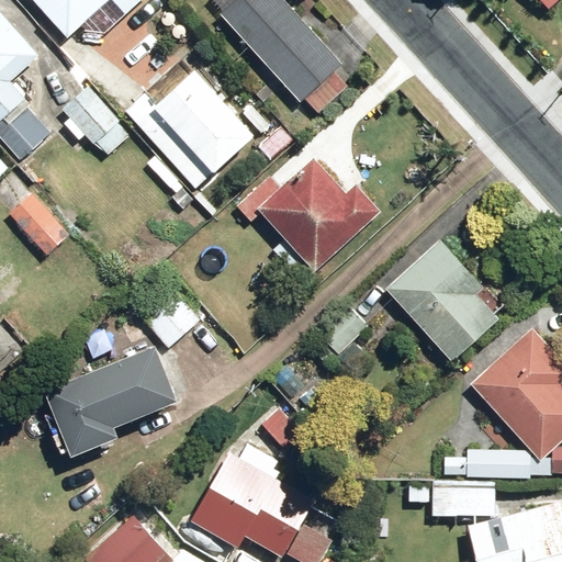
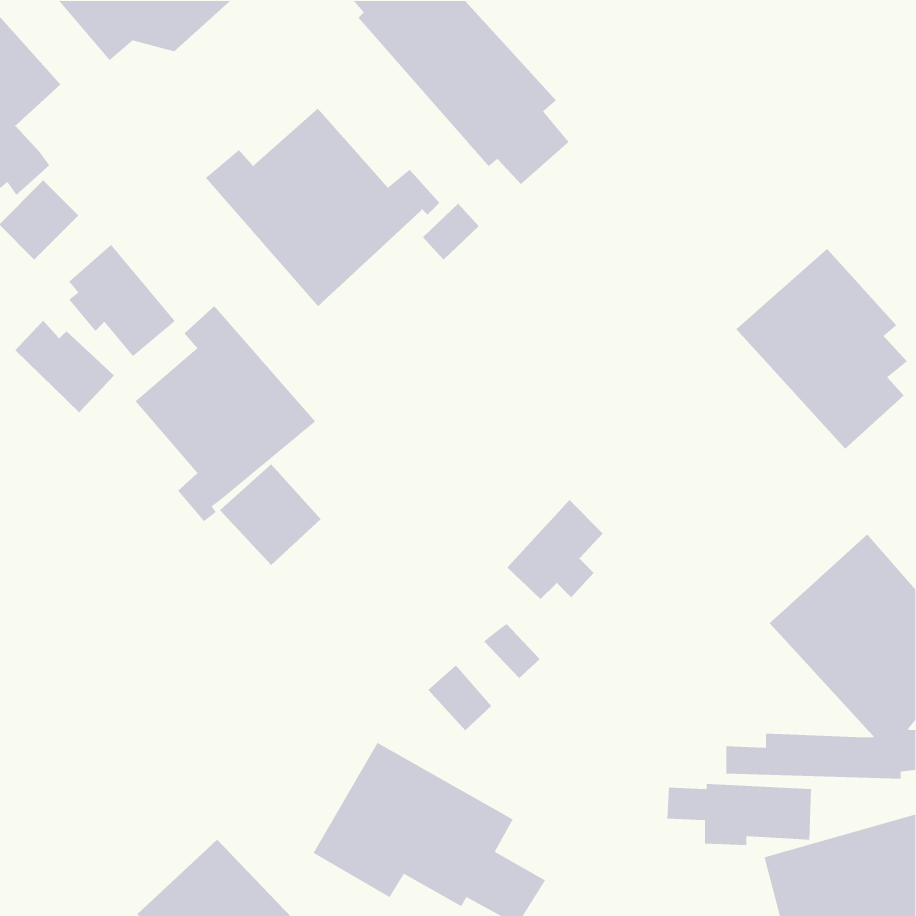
building: [64,88,130,157] -> [68,244,176,357]
building: [258,157,379,269] -> none
building: none -> [134,305,316,522]
building: [385,238,491,361] -> [736,248,908,449]
building: [45,346,177,454] -> none

